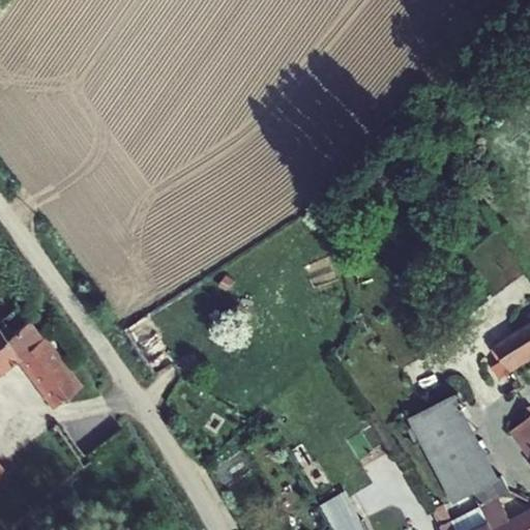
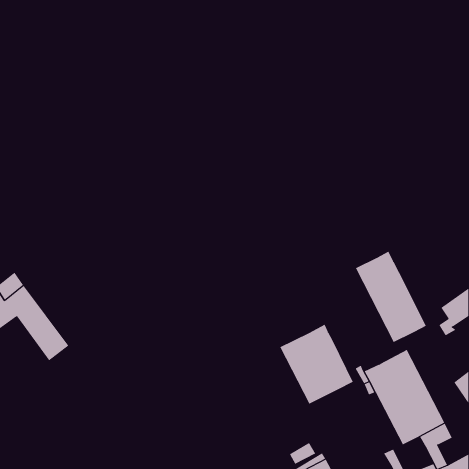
building: none -> [355,251,427,343]
building: none -> [280,324,354,405]

